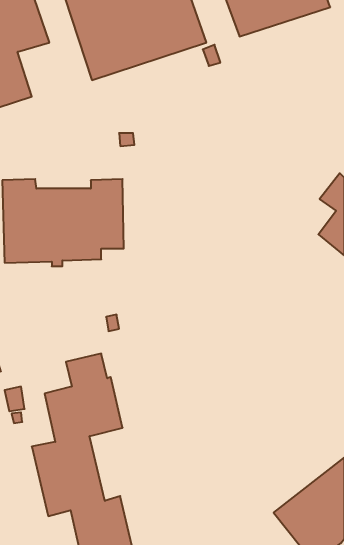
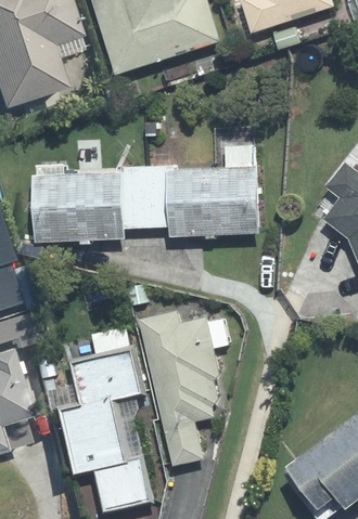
building: none -> [149,145,265,239]
building: none -> [141,308,231,462]

